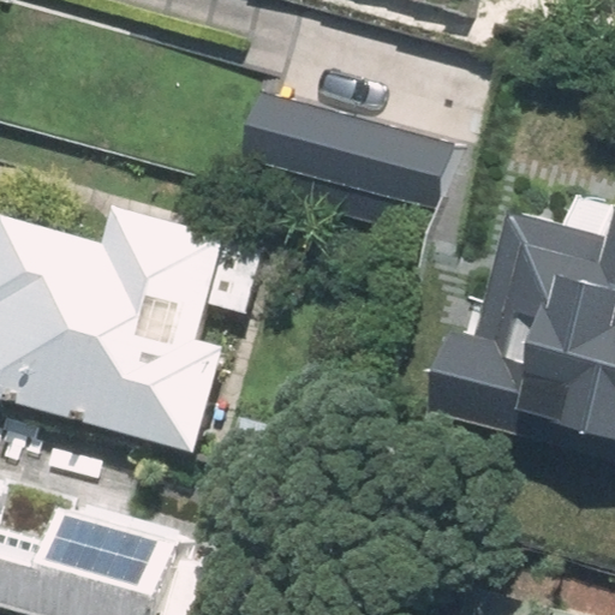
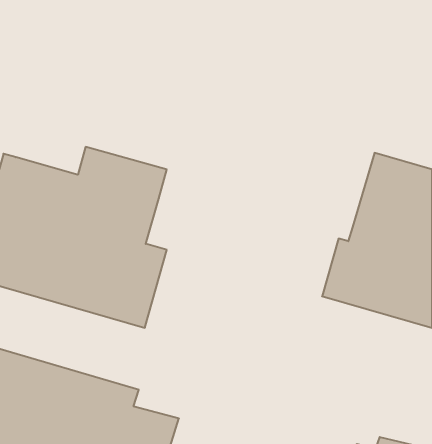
building: [245,90,448,211] -> none

